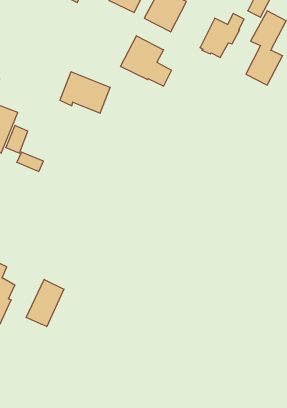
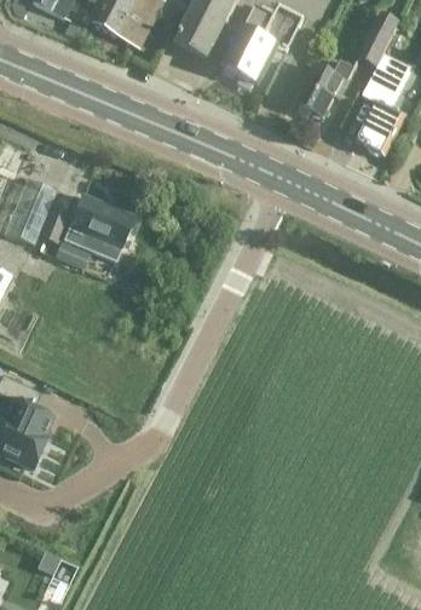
building: [121,36,171,86] -> none
building: [60,72,110,113] -> [67,194,133,248]
building: [26,279,64,327] -> none

